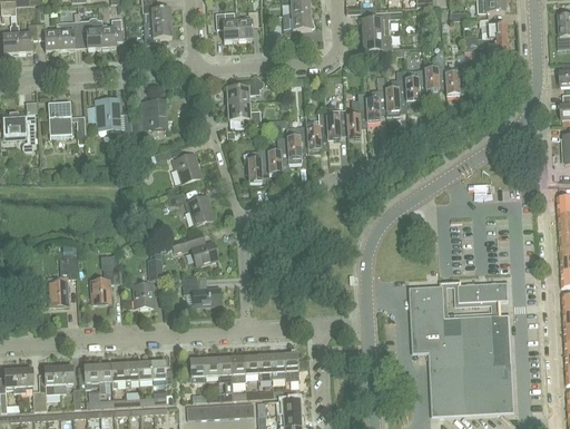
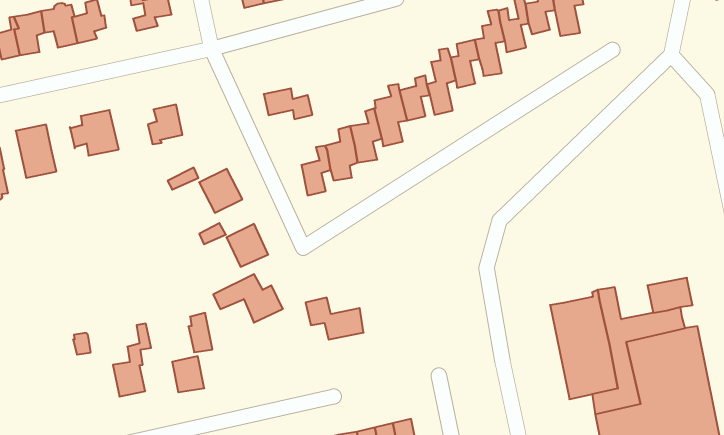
building: [227,79,263,104] -> none
building: [183,275,220,305] -> [306,298,364,340]
building: [48,276,68,305] -> none
building: [456,280,481,303] -> none

